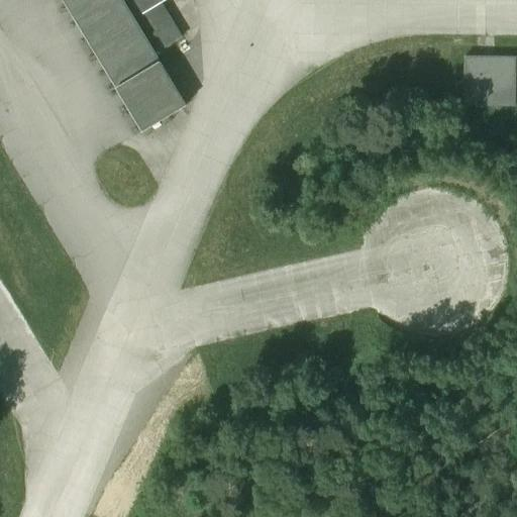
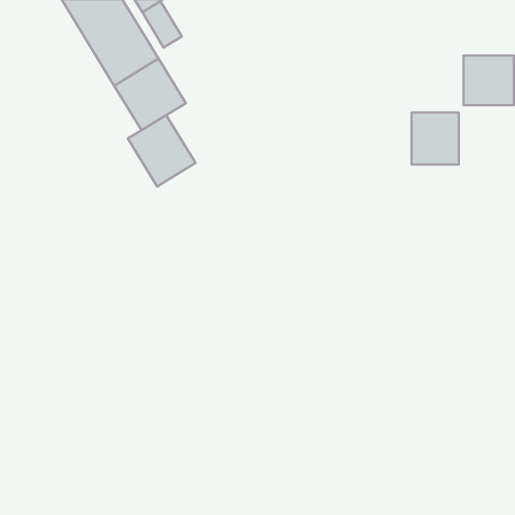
building: none -> [411,112,459,165]
building: none -> [128,115,196,186]

